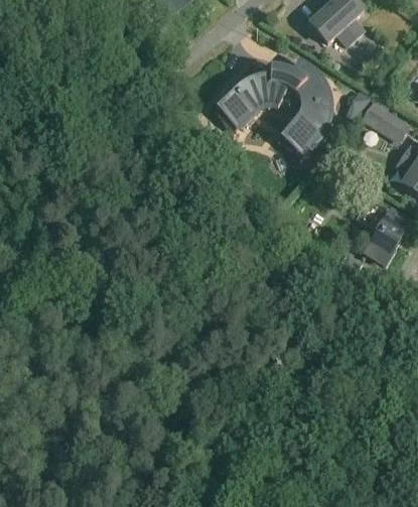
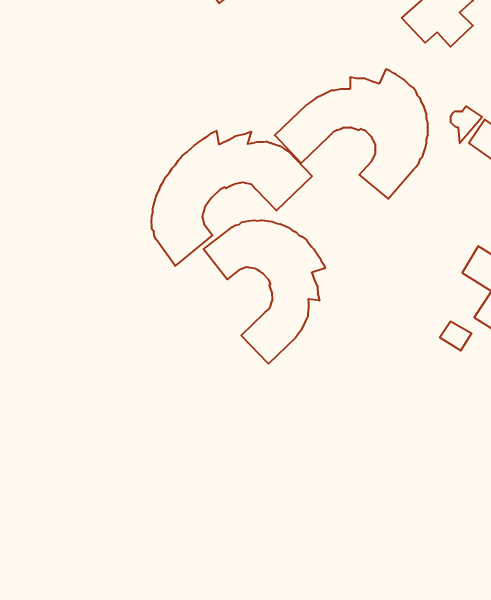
building: none -> [152,131,312,266]
building: none -> [204,220,325,364]

